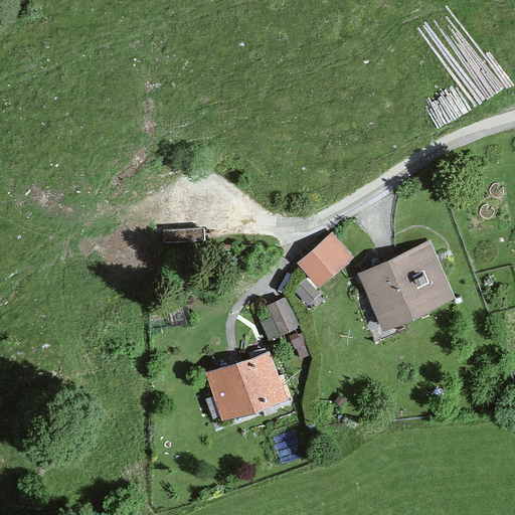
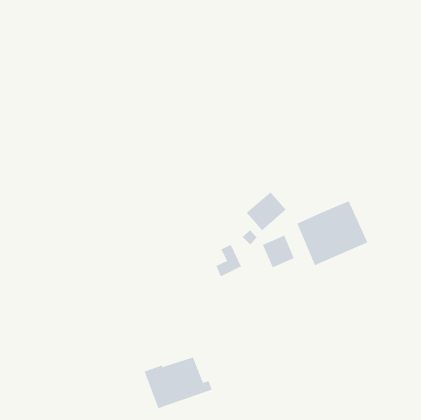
building: none -> [262,235,295,268]
building: [206,355,290,418] -> [144,357,212,409]

